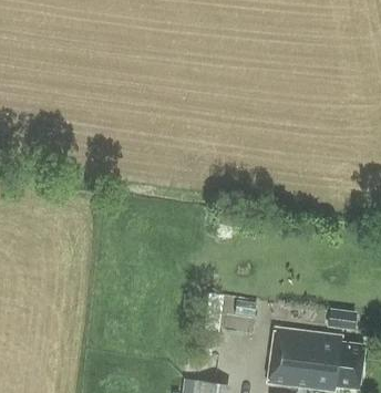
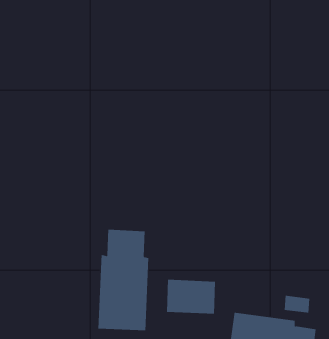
building: none -> [98,229,149,331]

